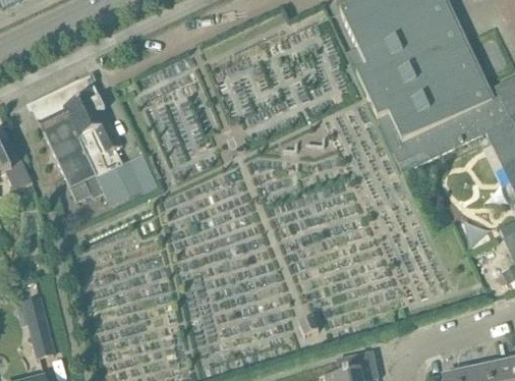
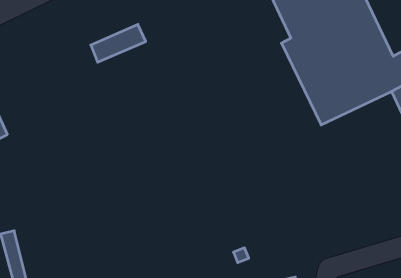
building: [31,76,160,203] -> none

